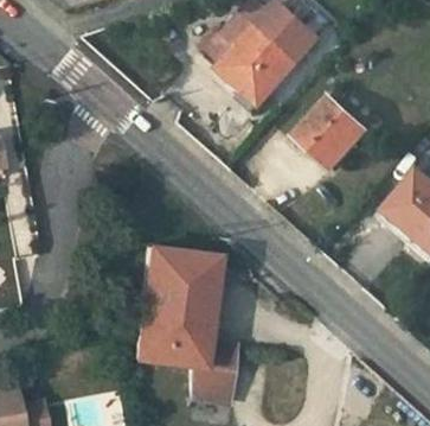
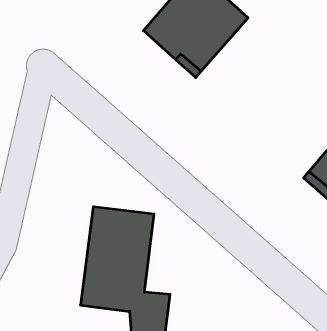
building: [295,95,366,166] -> none

